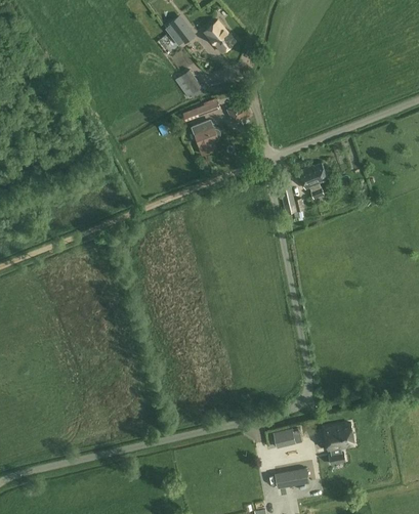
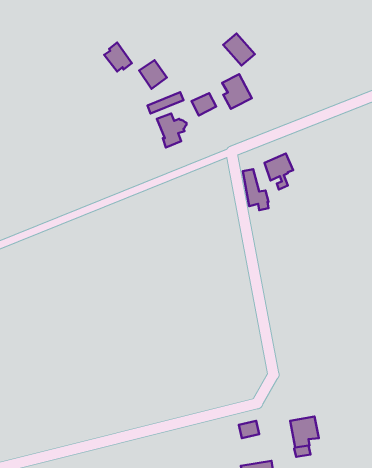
building: [167,14,195,43] -> [104,43,132,71]
building: [204,20,236,52] -> [223,34,255,65]
building: none -> [222,74,252,109]

